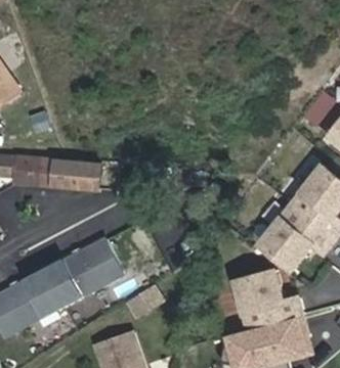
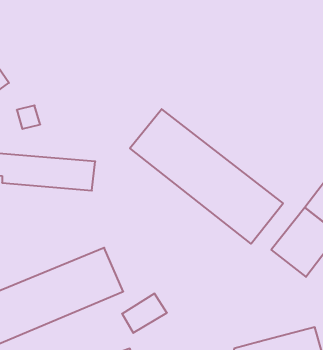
building: none -> [130,109,283,244]
building: [235,269,301,327] -> none

